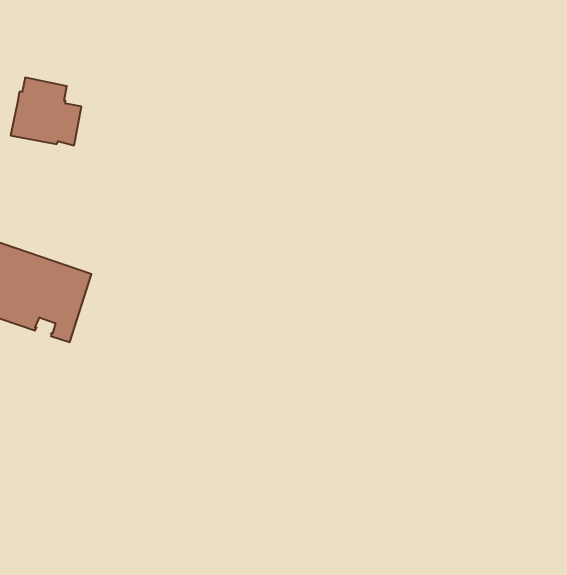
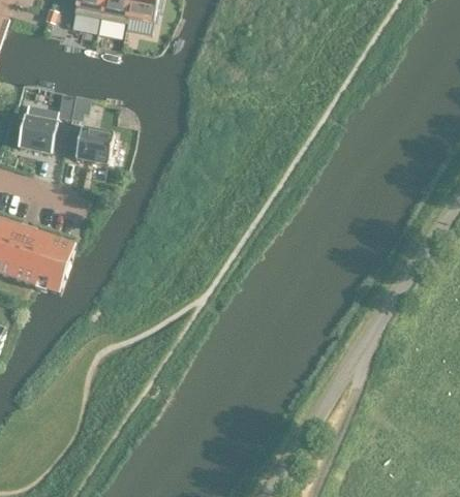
building: none -> [61,124,112,162]

